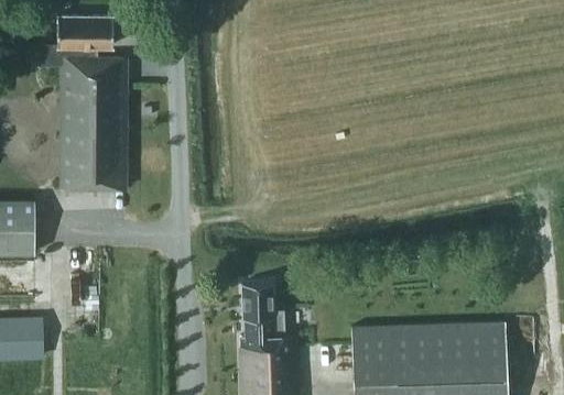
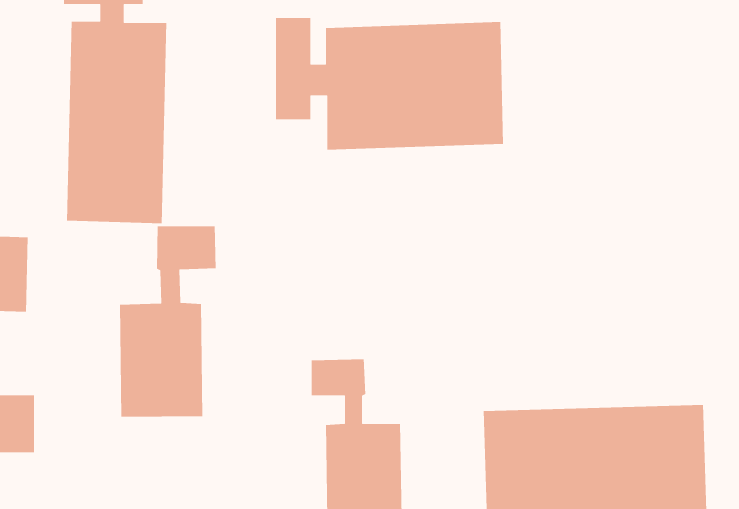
building: none -> [275,17,504,151]
building: none -> [119,226,217,418]

